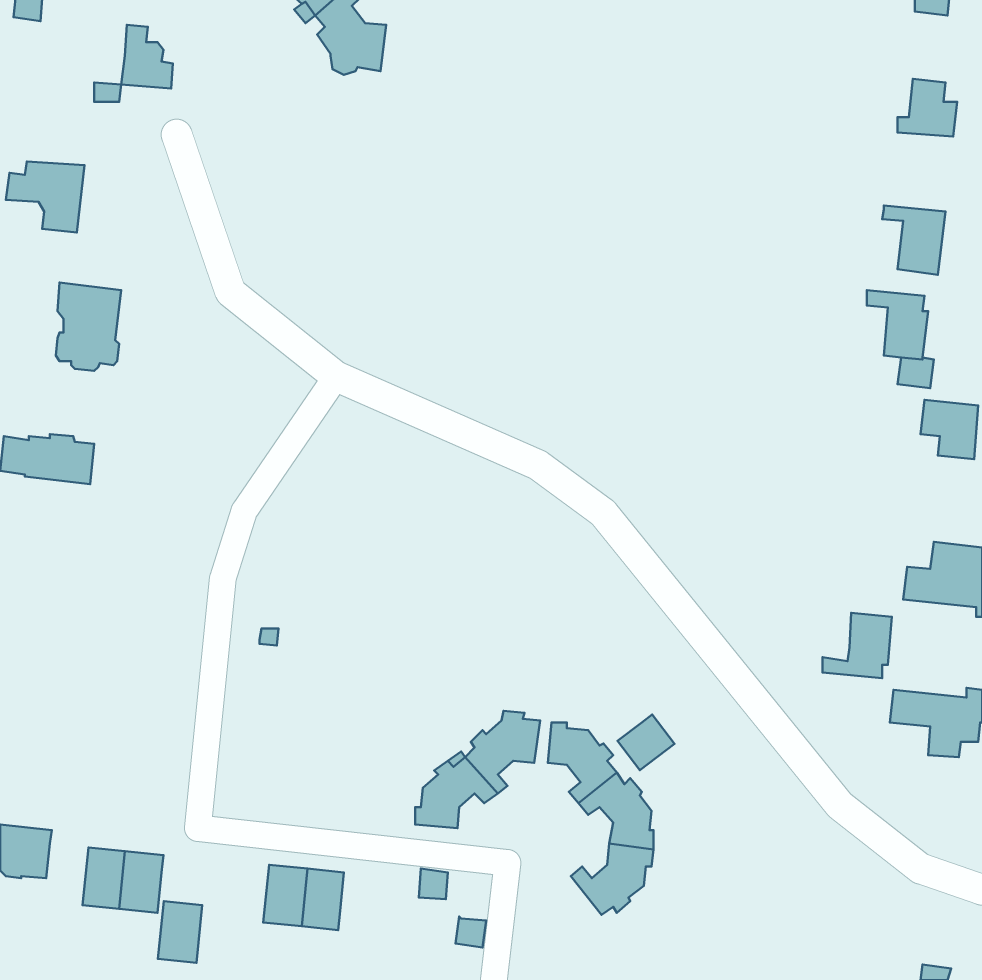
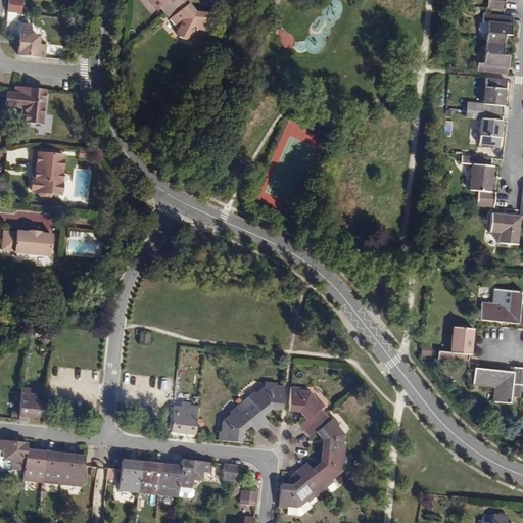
building: [121,25,173,88] -> [17,21,45,55]
building: none -> [482,13,513,44]
building: none -> [470,78,506,112]
building: [618,714,675,770] -> none
building: none -> [18,386,45,418]
building: none -> [174,405,200,436]
building: none -> [23,448,47,481]
building: none -> [180,458,213,496]
building: none -> [280,466,320,511]
building: [158,901,202,963] -> [120,458,143,490]

